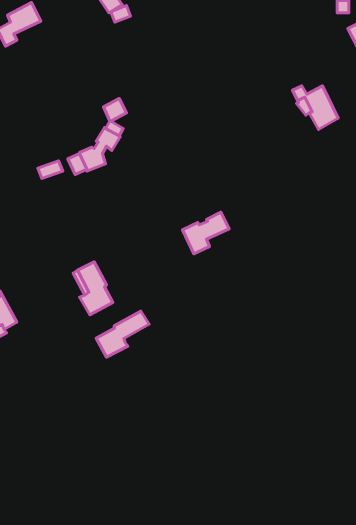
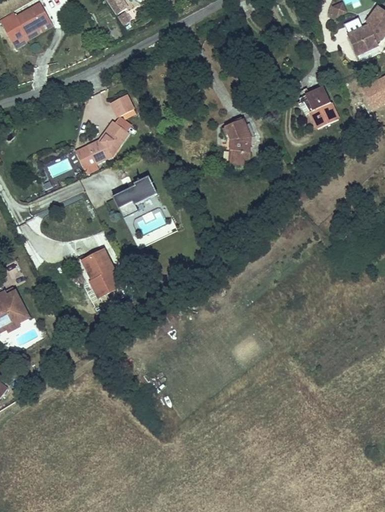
building: none -> [227,114,254,160]
building: [182,212,229,254] -> [113,181,158,221]
building: [96,311,149,357] -> none

